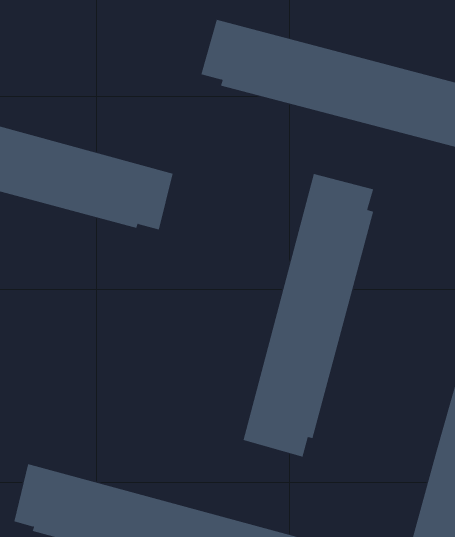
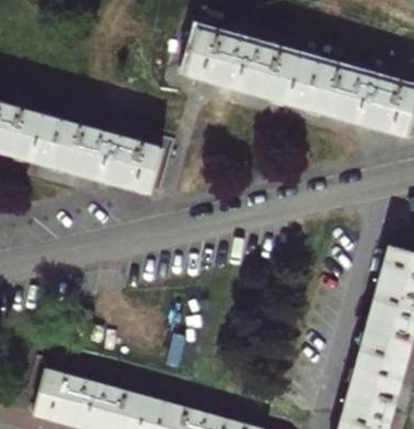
building: [243,173,374,457] -> none

